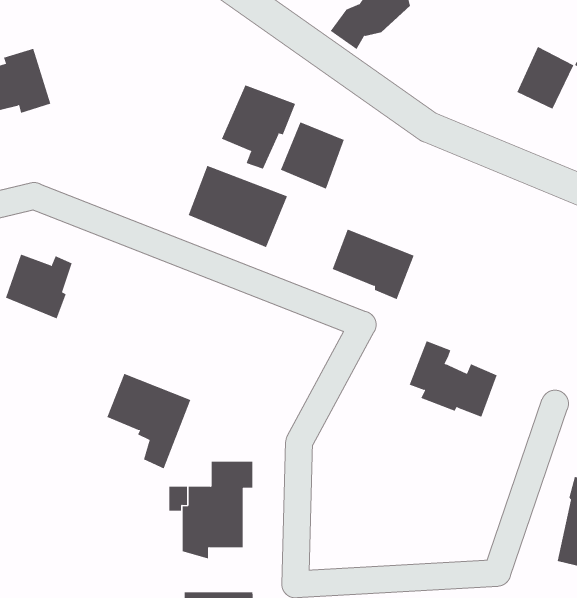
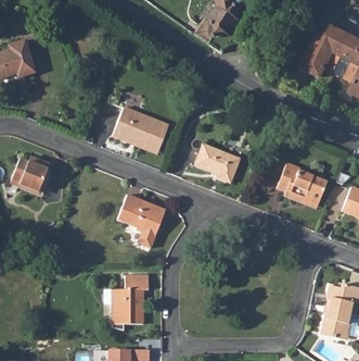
building: [221,84,296,169] -> none
building: [280,122,345,190] -> none
building: [409,340,497,417] -> [278,161,328,204]
building: [107,373,191,469] -> [118,194,166,248]

